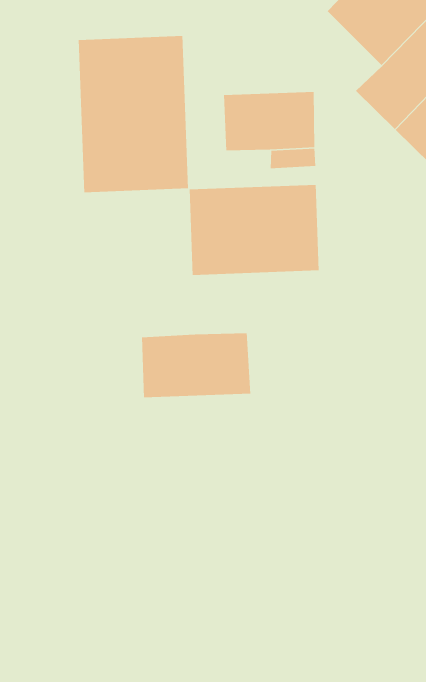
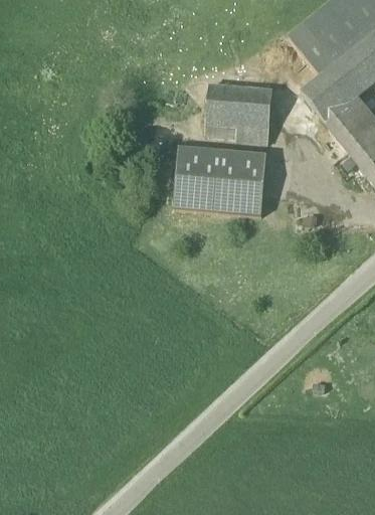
building: [78,35,189,193] -> none
building: [141,333,251,398] -> none

